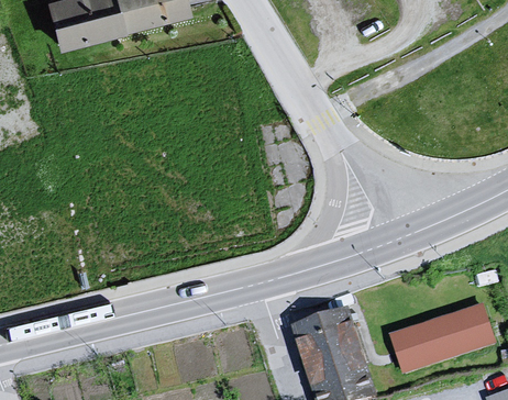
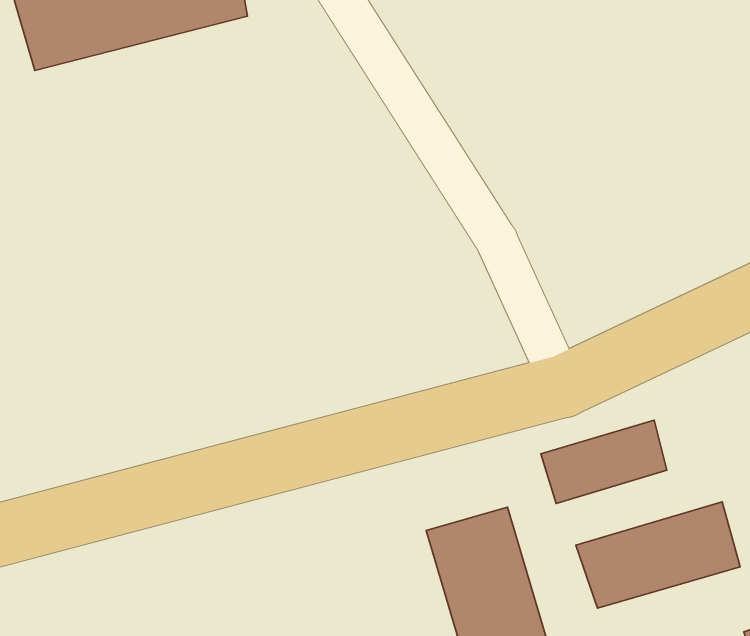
building: none -> [541,420,667,503]

